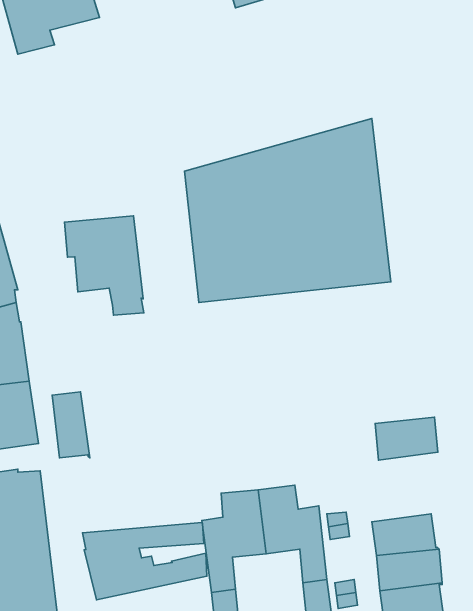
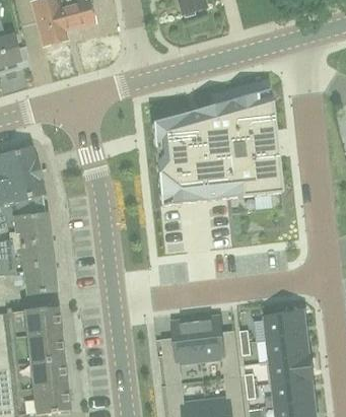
building: [65,216,144,315] -> none
building: [52,392,90,458] -> none
building: [375,417,438,460] -> [266,314,305,341]
building: [82,522,207,600] -> none

